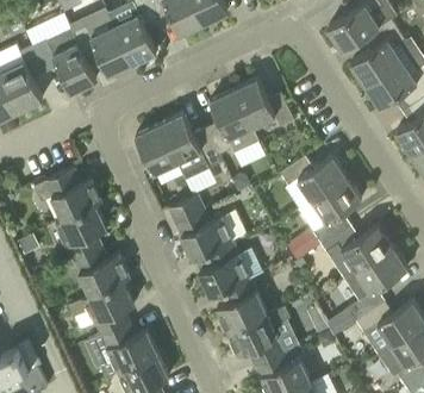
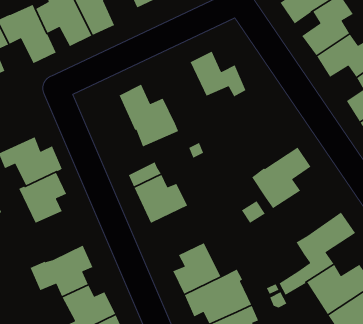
building: [206,91,258,155] -> none
building: [135,125,176,174] -> none
building: [280,156,347,201] -> none
building: [320,224,392,272] -> none
building: [195,241,262,297] -> none
building: [73,247,130,297] -> none

